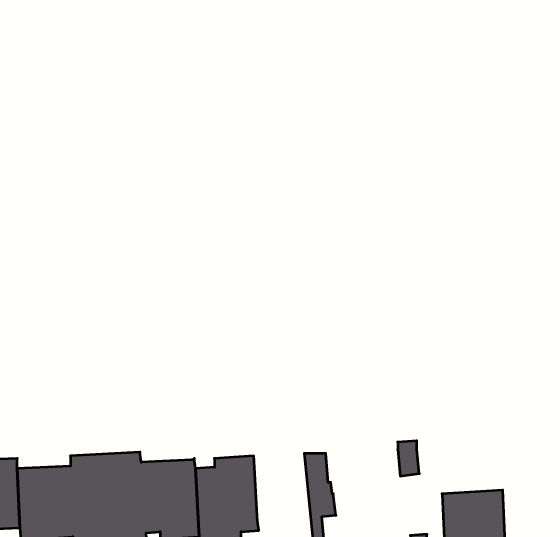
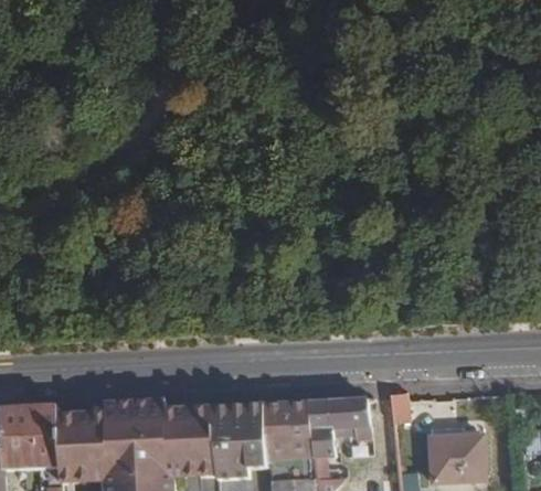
building: none -> [327,399,371,439]
building: none -> [264,402,314,461]

